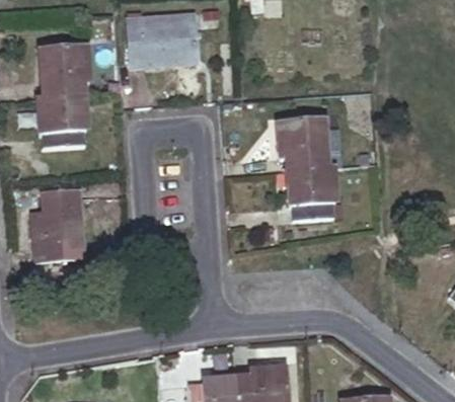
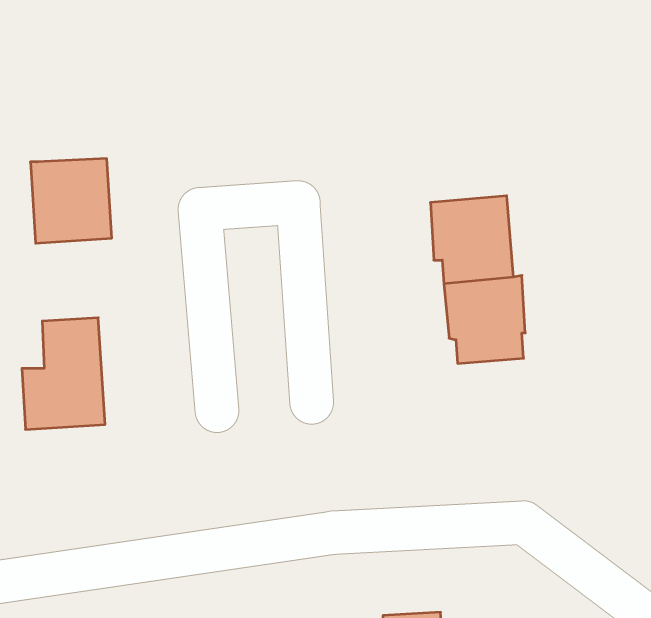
building: [128,15,197,65] -> none
building: [42,47,89,97] -> none

